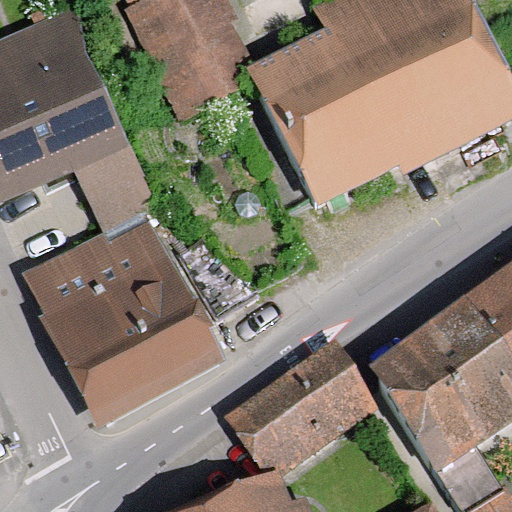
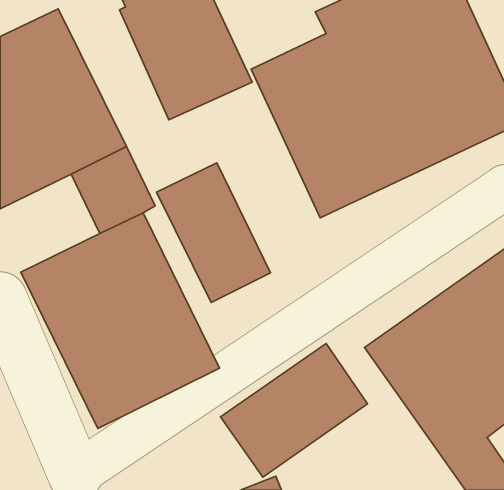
building: none -> [157,163,270,302]

